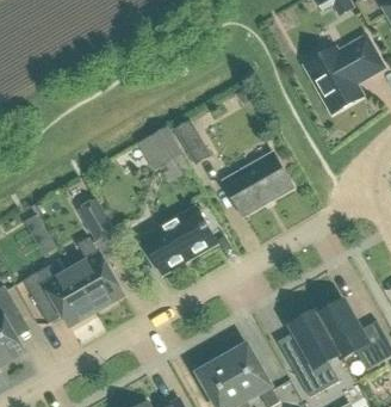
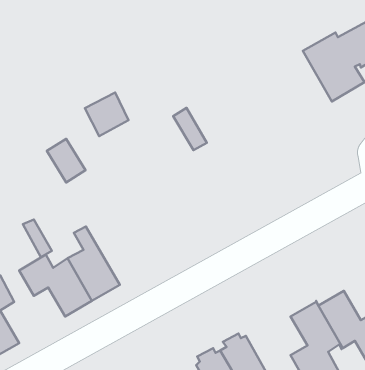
building: [138,125,181,168] -> [85,92,128,136]
building: [223,152,292,214] -> none
building: [76,196,114,239] -> [47,139,86,182]
building: [143,208,216,271] -> none

